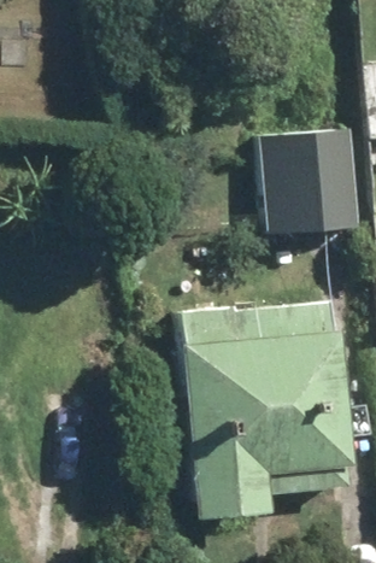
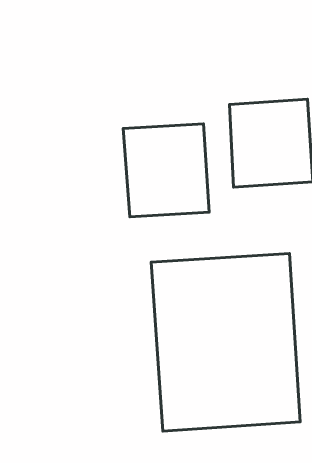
building: none -> [123,124,209,217]

